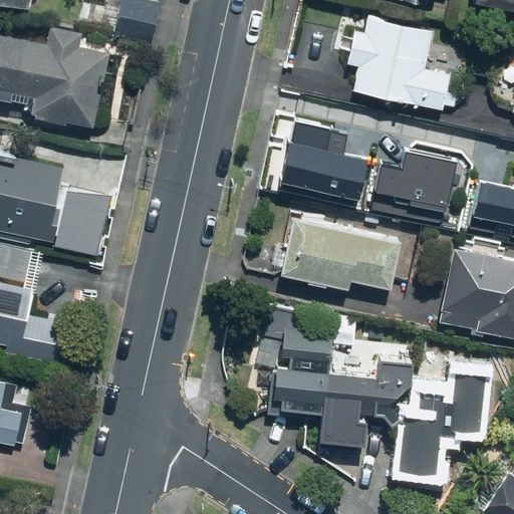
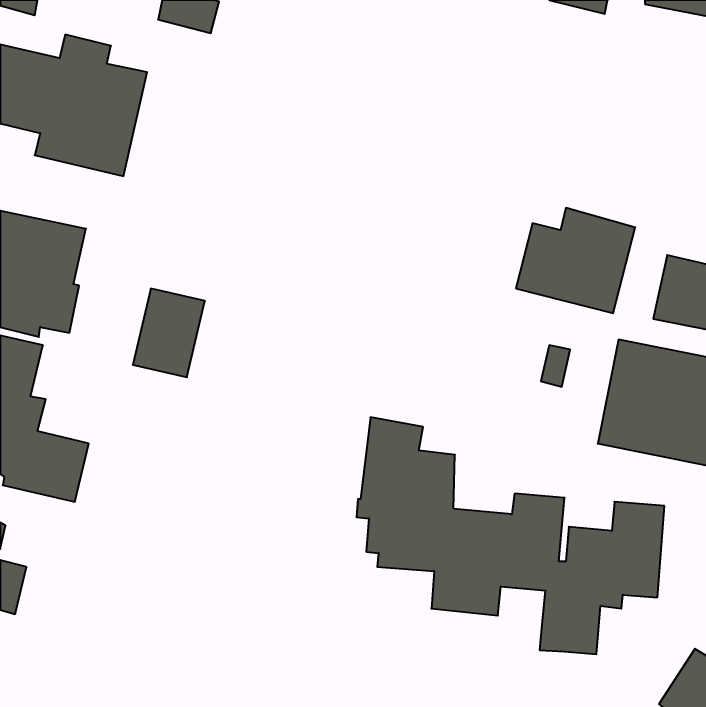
building: [344,17,449,109] -> none
building: [279,119,378,212] -> none
building: [54,191,106,255] -> [133,289,205,377]
building: [276,216,398,291] -> none

